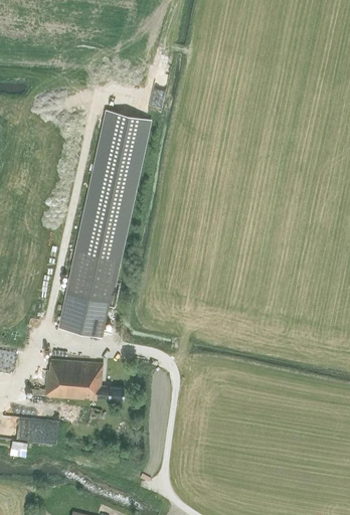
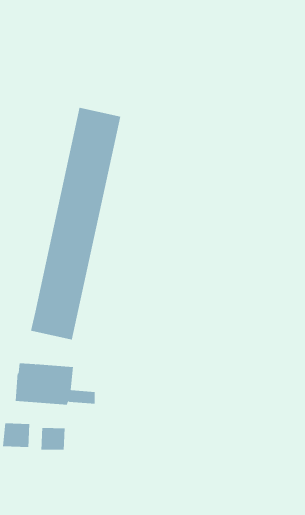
building: none -> [41,427,65,450]

